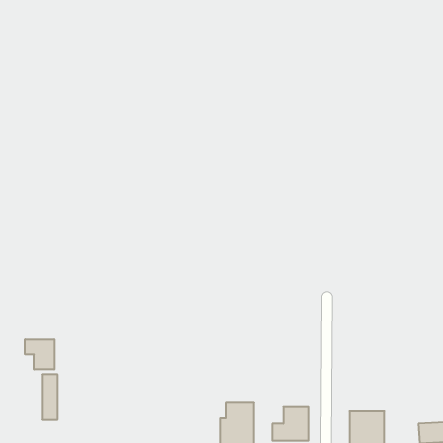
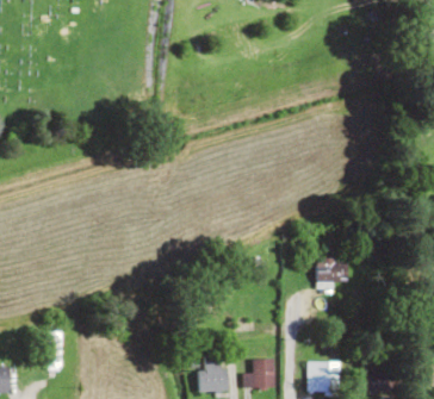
building: none -> [317,261,348,282]
building: [25,339,54,370] -> none

